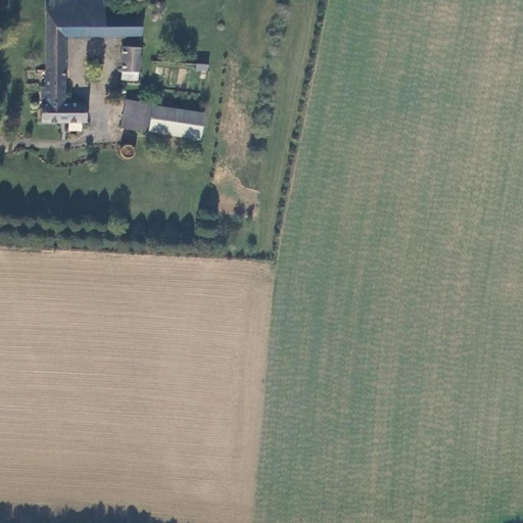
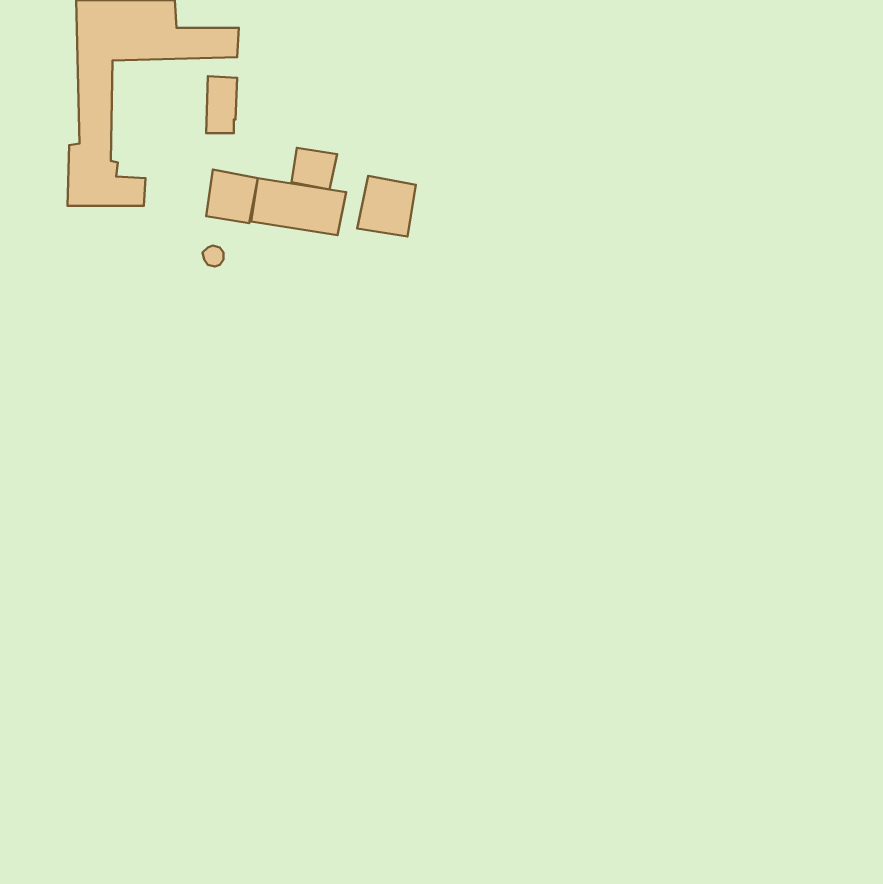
building: none -> [291,148,337,189]
building: none -> [357,176,416,237]

